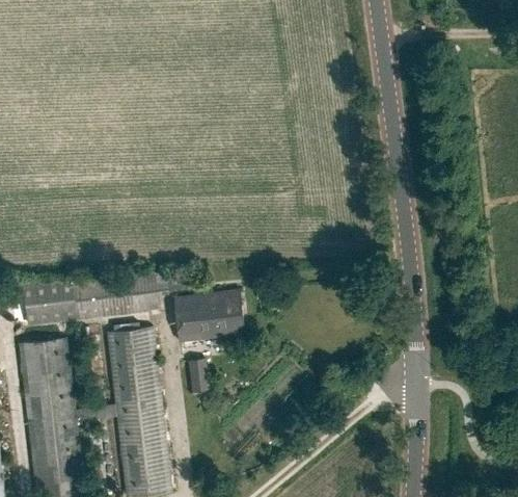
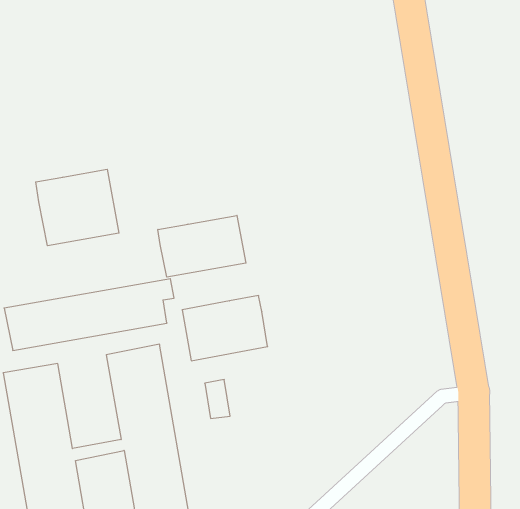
building: none -> [36,169,119,246]
building: none -> [158,215,246,277]

